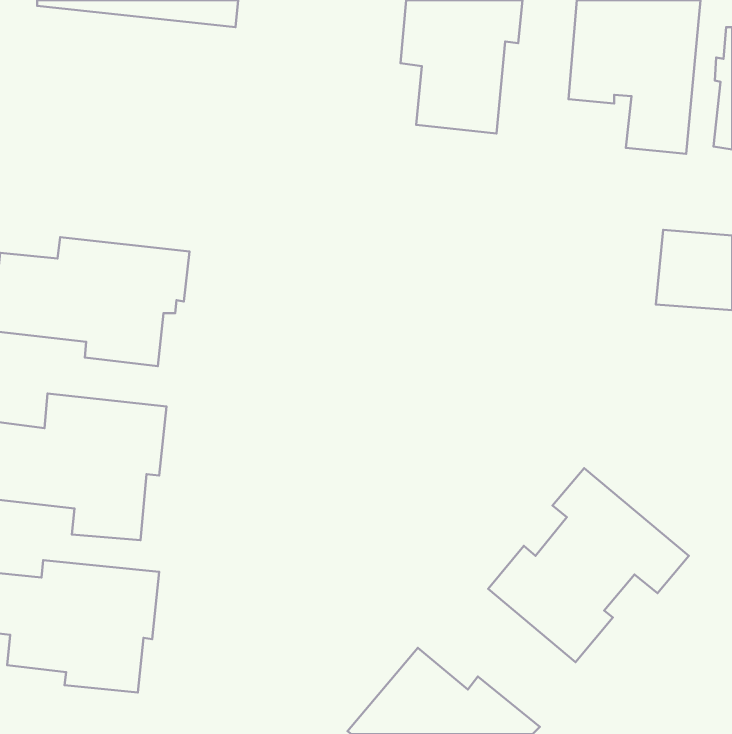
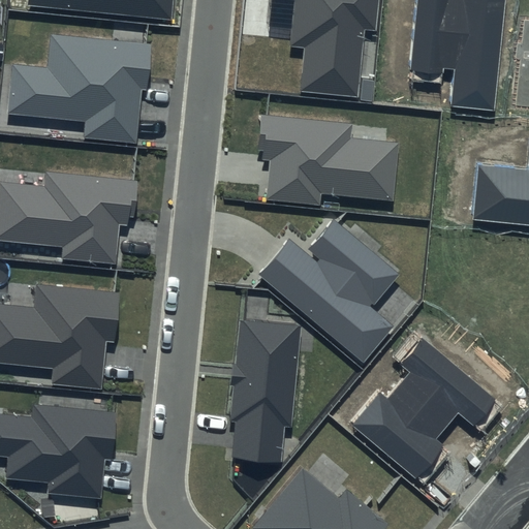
building: none -> [8,34,151,143]
building: none -> [257,115,398,205]
building: none -> [259,219,398,360]
building: none -> [229,320,301,462]

